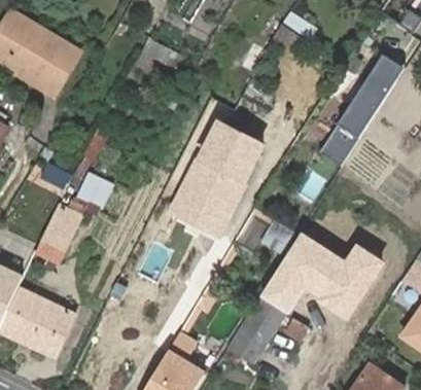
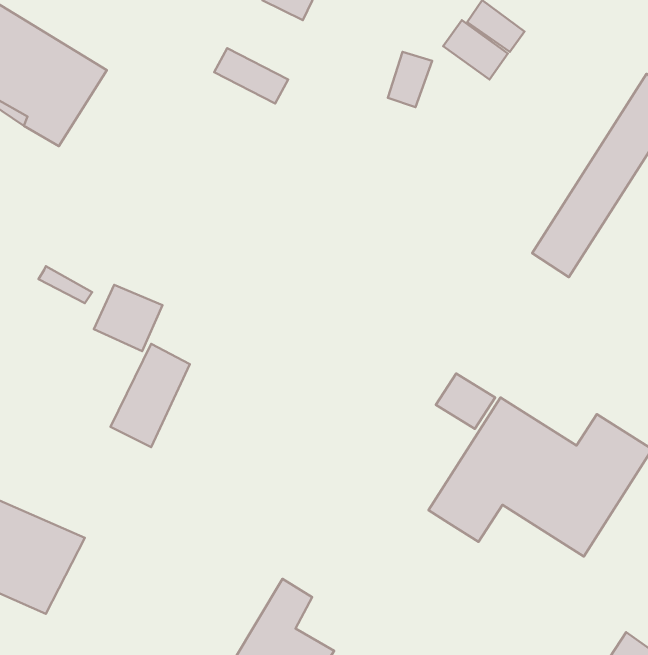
building: [173,123,261,234] -> none
building: [36,205,80,262] -> [110,344,190,447]
building: [229,296,272,362] -> none

